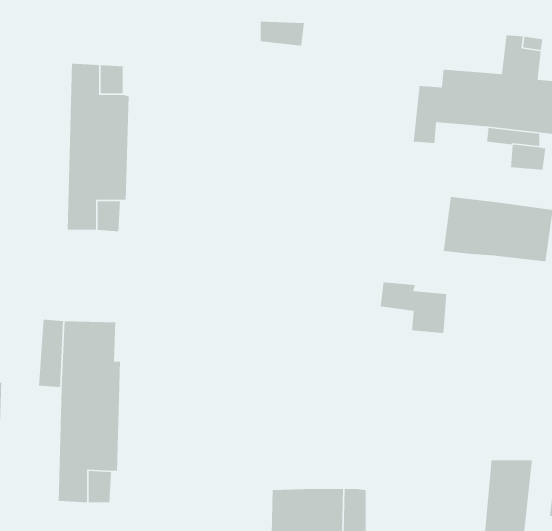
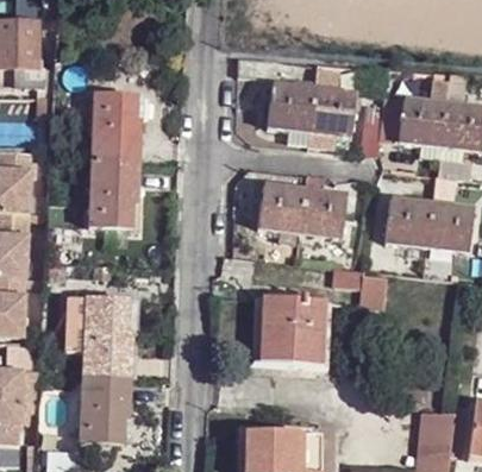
building: none -> [270,84,357,145]
building: none -> [259,184,348,237]
building: none -> [257,282,325,365]

